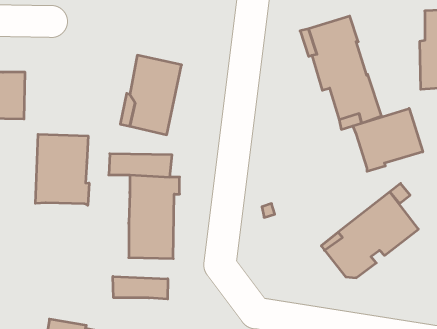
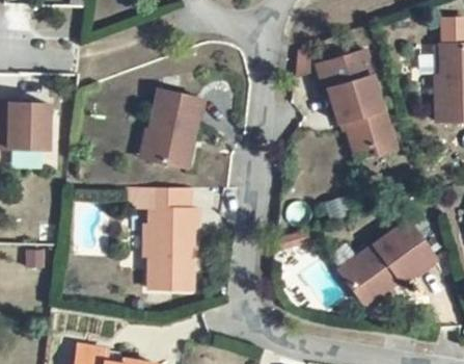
building: [353,108,423,171] -> none
building: [35,134,89,205] -> none
building: [113,276,168,299] -> none

